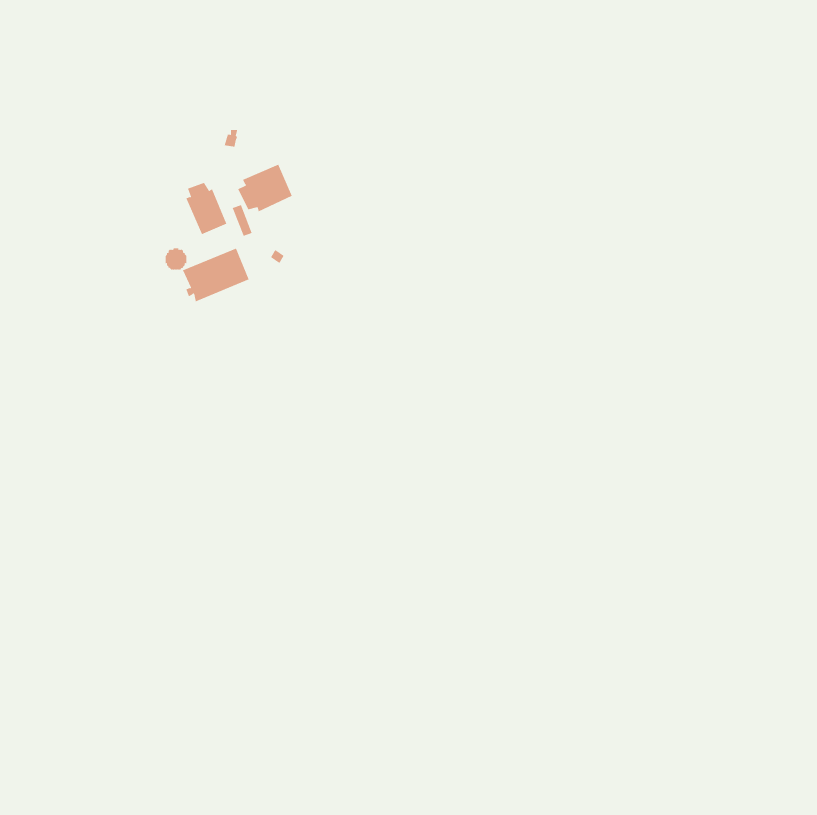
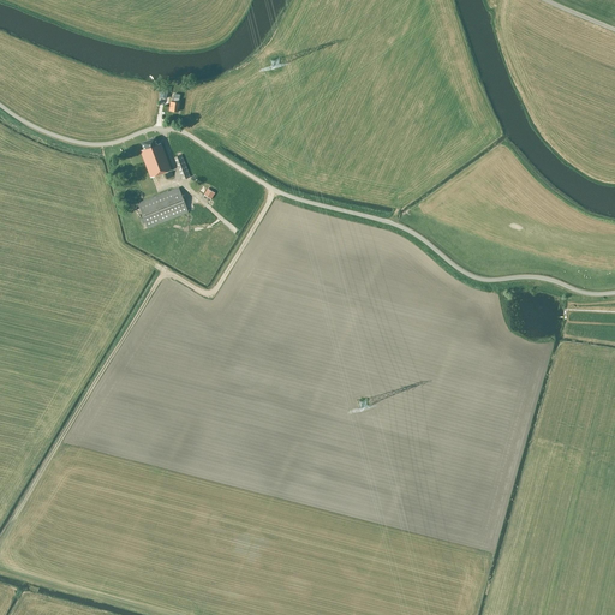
building: [238,164,292,212] -> none

